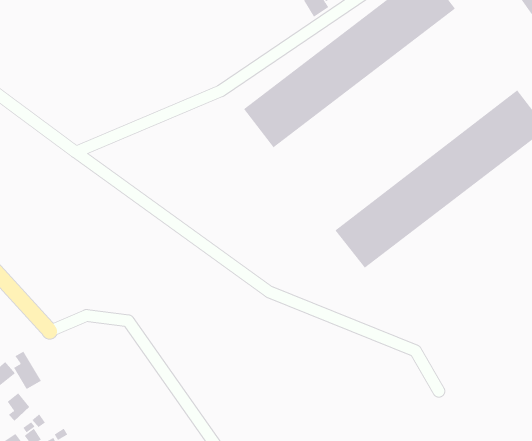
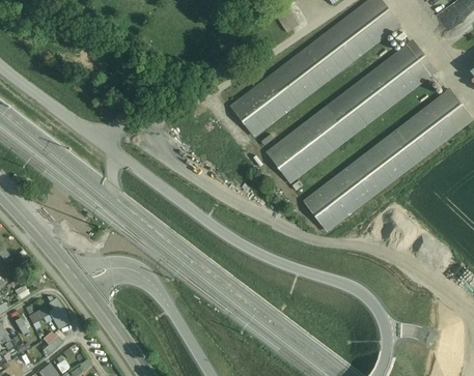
building: none -> [267,40,436,182]

